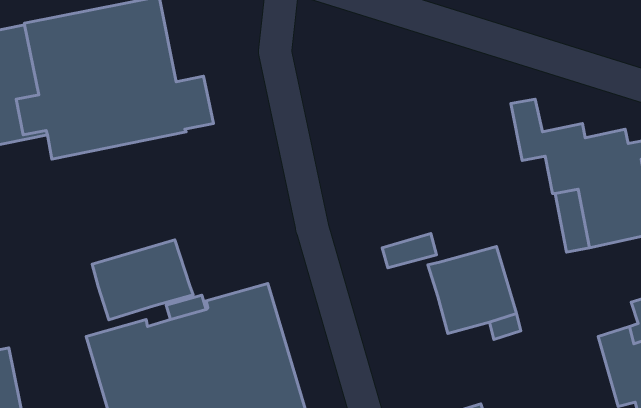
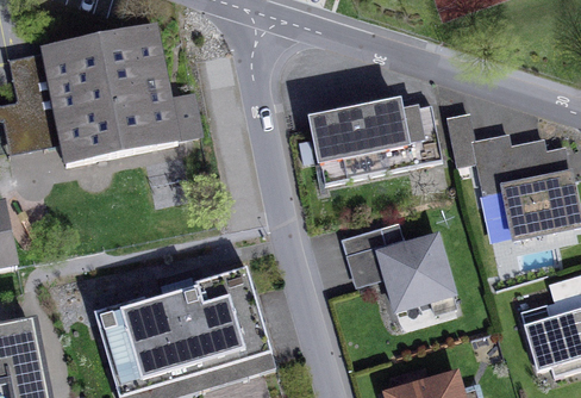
building: none -> [312,101,443,182]
building: [92,240,193,320] -> none
building: none -> [346,243,389,286]

